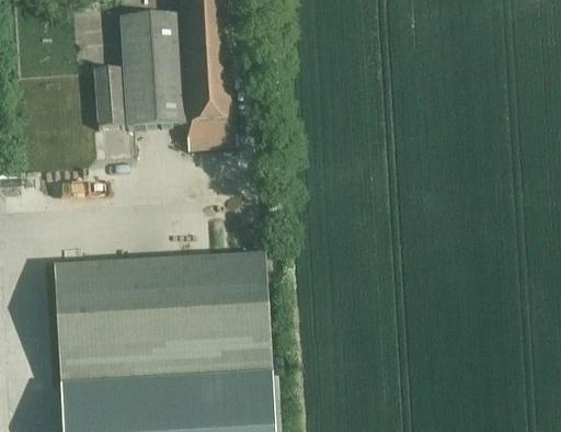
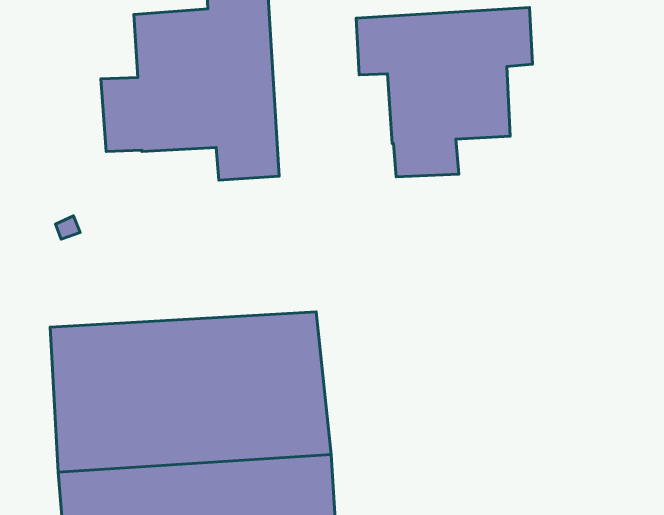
building: none -> [356,7,533,177]

